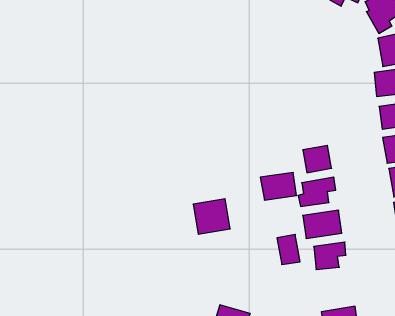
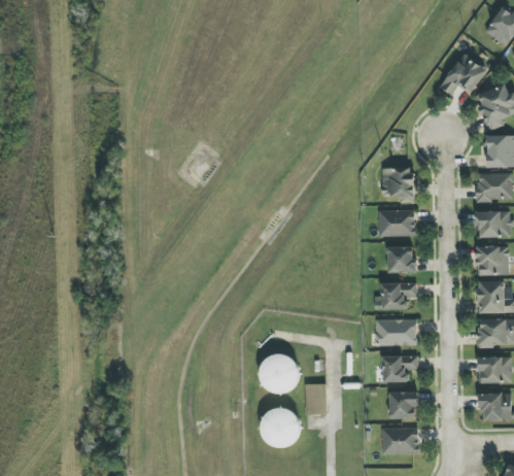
building: none -> [381,167,414,202]
building: [260,173,297,200] -> [378,210,415,236]
building: [193,199,230,234] -> [261,355,298,390]
building: [277,234,300,264] -> [305,383,327,414]
building: none -> [388,392,417,418]

